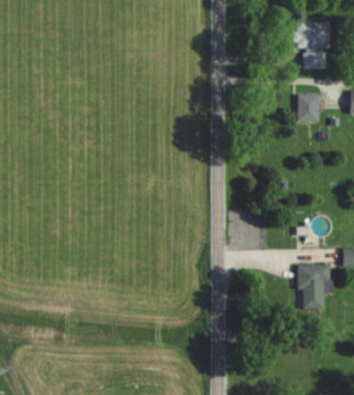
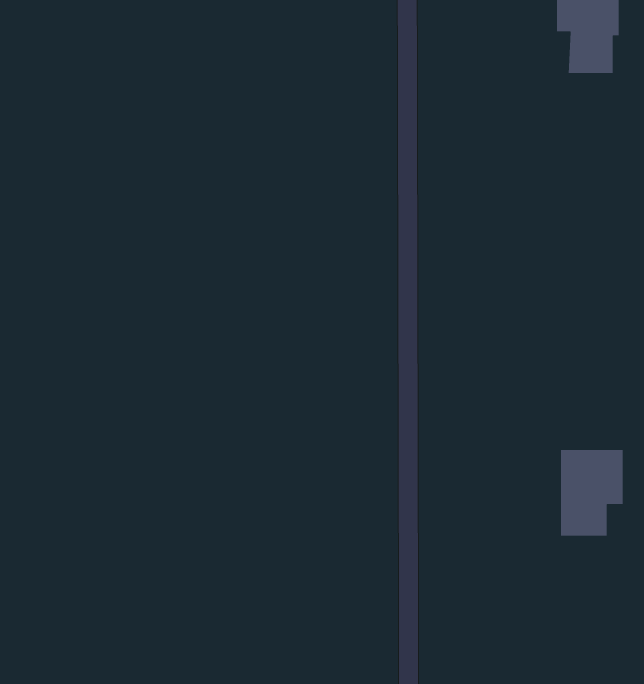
building: [297,96,319,121] -> none

